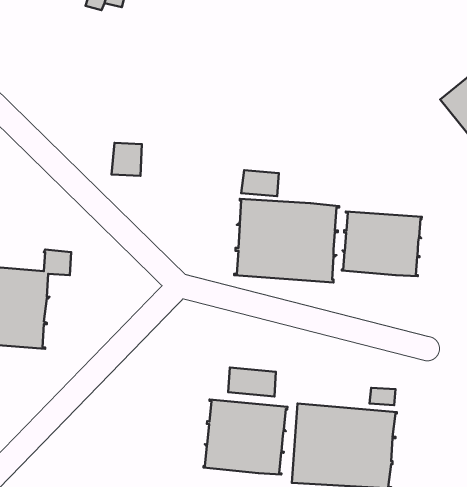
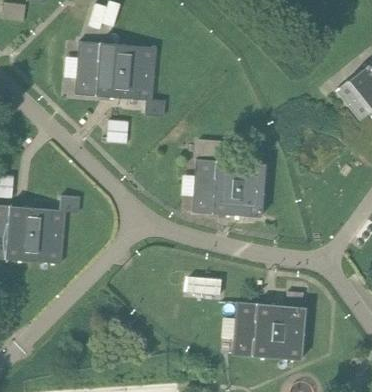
building: none -> [76,42,166,117]
building: [342,211,422,276] -> none
building: [203,400,287,475] -> none

